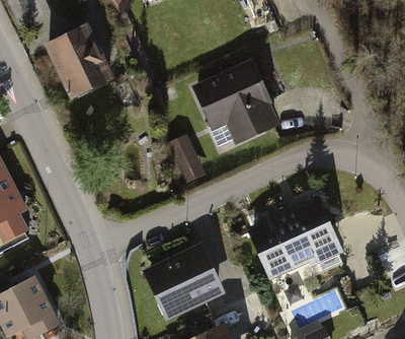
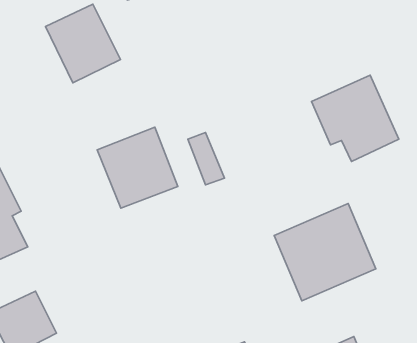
building: [197,63,277,142] -> [312,75,399,161]
building: none -> [97,127,178,208]
building: [144,248,219,318] -> none

